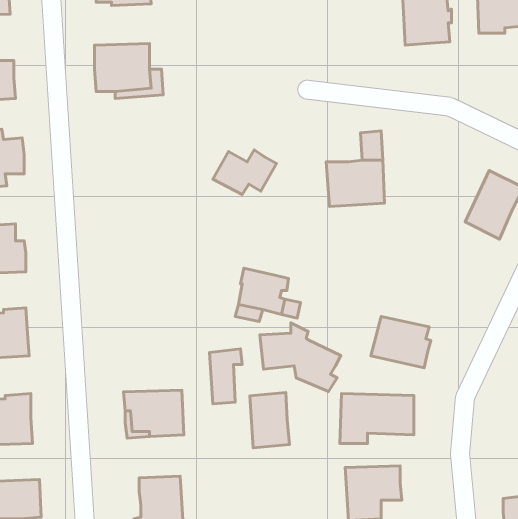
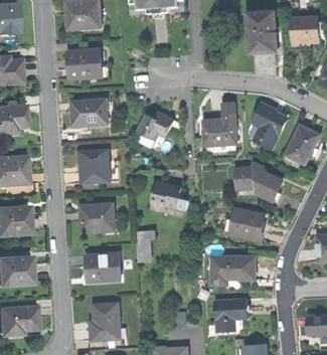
building: none -> [71,100,108,126]
building: none -> [254,103,288,148]
building: none -> [79,150,111,182]
building: none -> [81,203,115,232]
building: [260,323,341,391] -> [236,162,284,202]
building: [250,393,289,448] -> none

